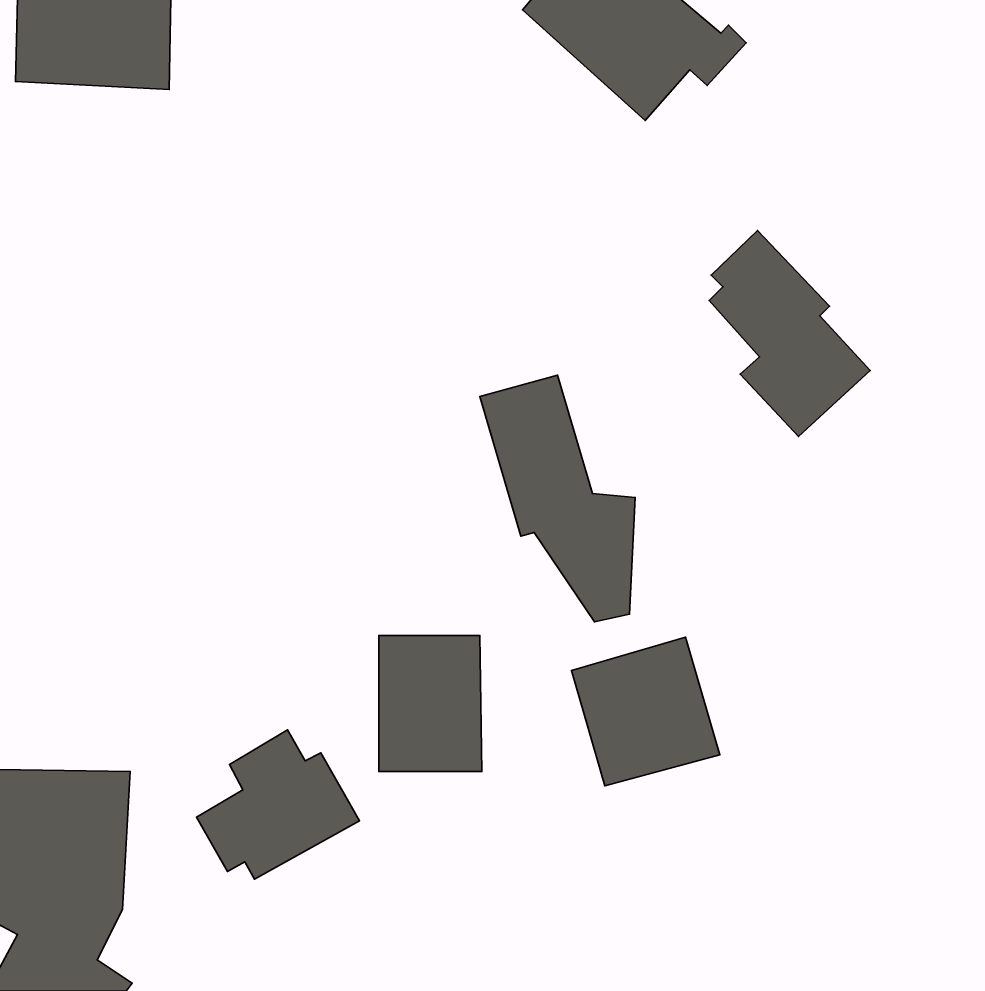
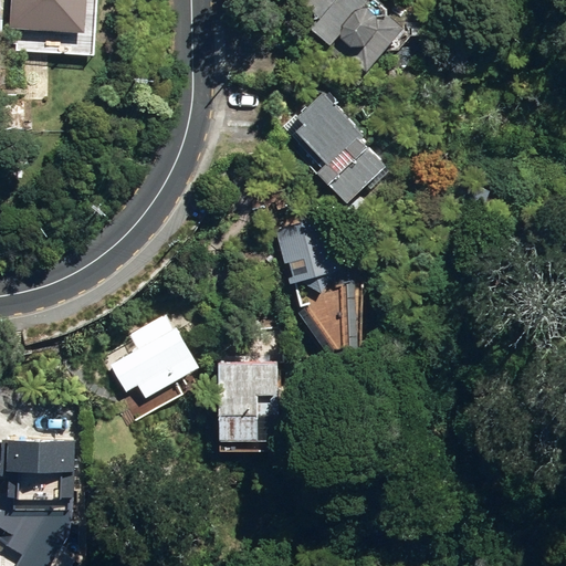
building: [709,230,870,436] -> [295,90,387,207]
building: [571,637,720,786] -> none
building: [196,730,360,879] -> [104,313,197,398]

